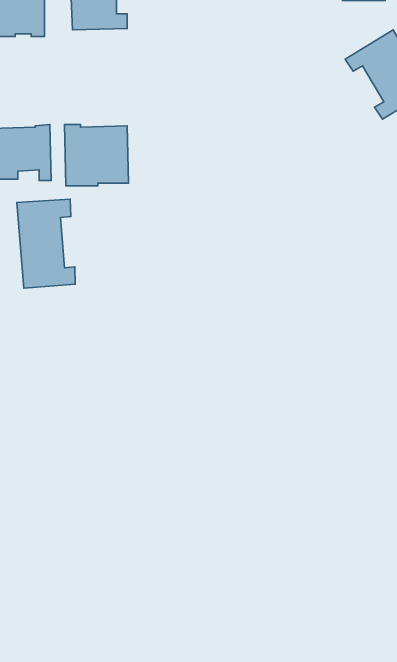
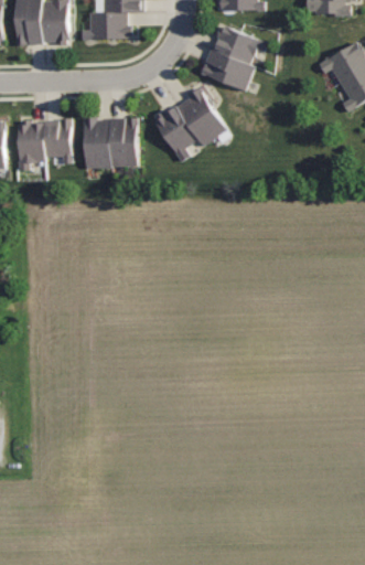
building: none -> [198,23,265,92]
building: none -> [151,87,227,159]
building: [17,199,75,288] -> none

